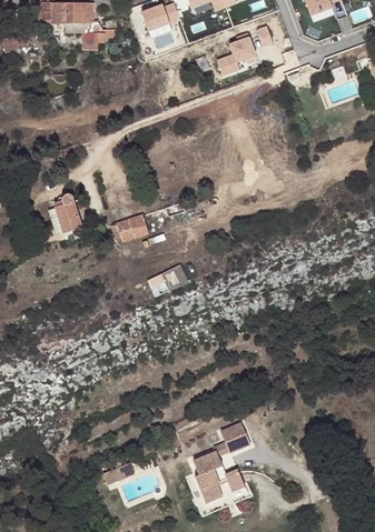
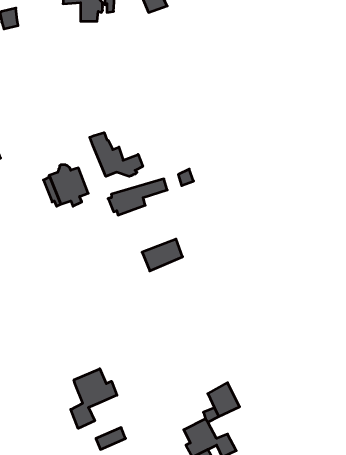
building: [217,40,259,79] -> none
building: none -> [90,133,143,176]
building: none -> [71,369,117,428]

